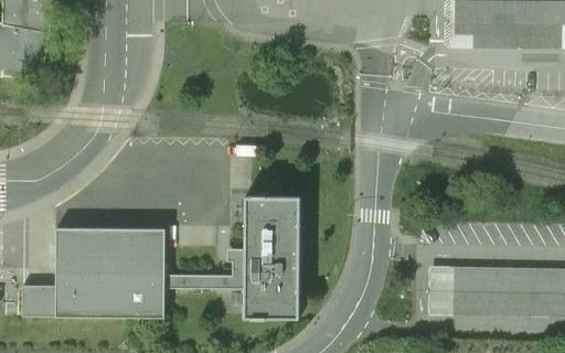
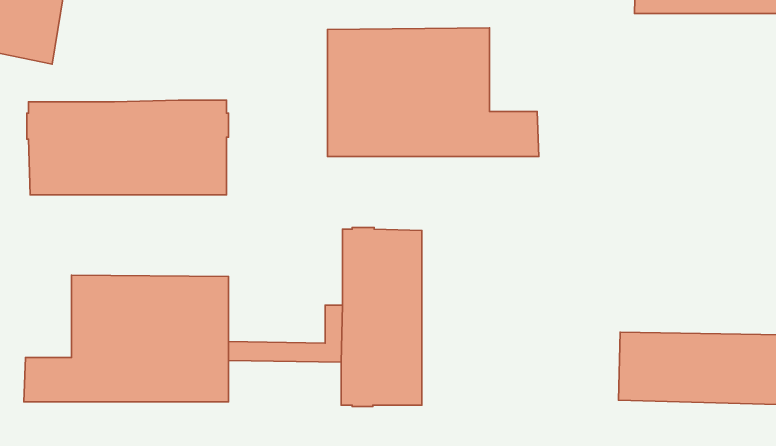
building: none -> [327,28,539,157]
building: none -> [27,100,228,195]

